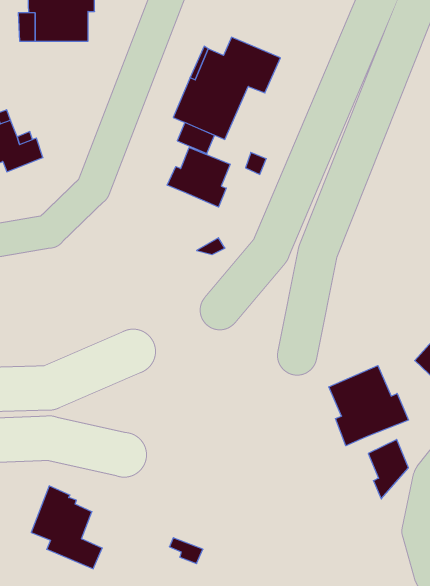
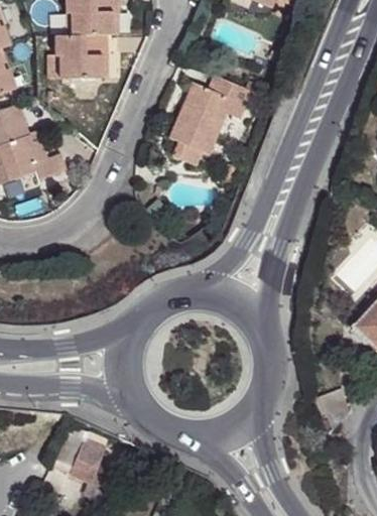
building: [167,148,230,207] -> none
building: [329,366,408,446] -> none

